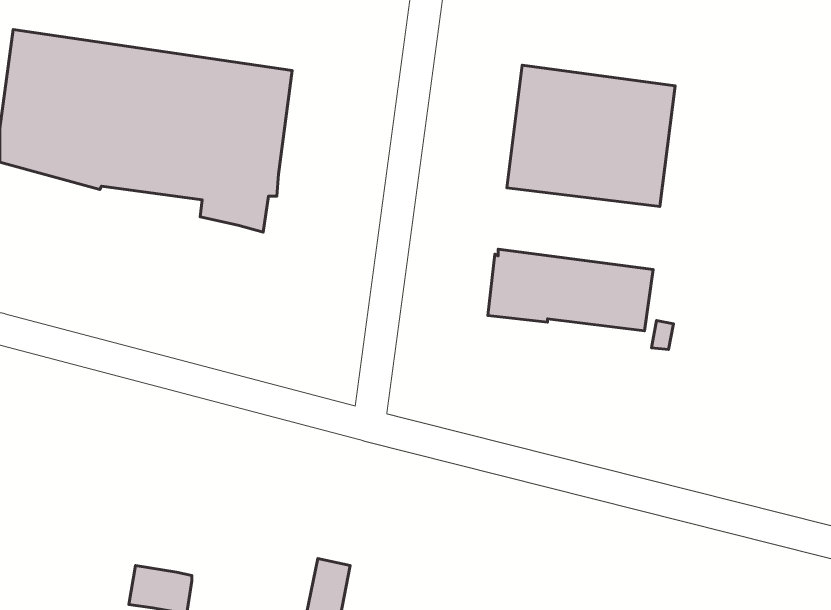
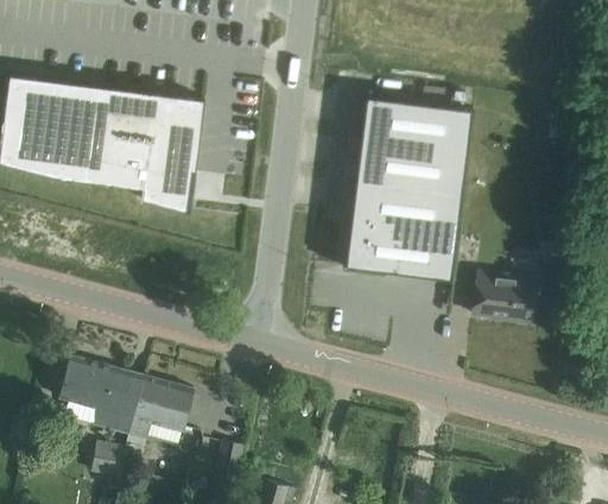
building: none -> [348,179,461,237]
building: none -> [470,273,566,323]
building: none -> [58,355,194,439]

